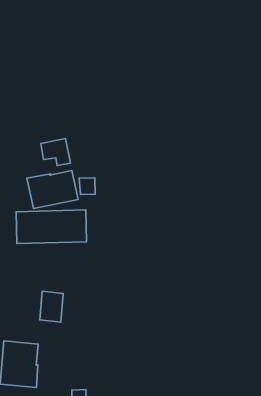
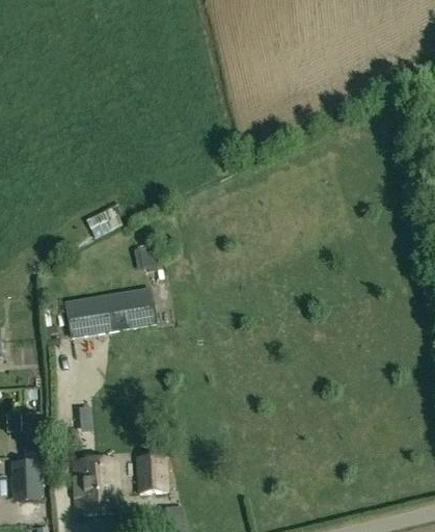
building: [27,171,78,208] -> none
building: [40,291,63,322] -> [137,454,165,490]

